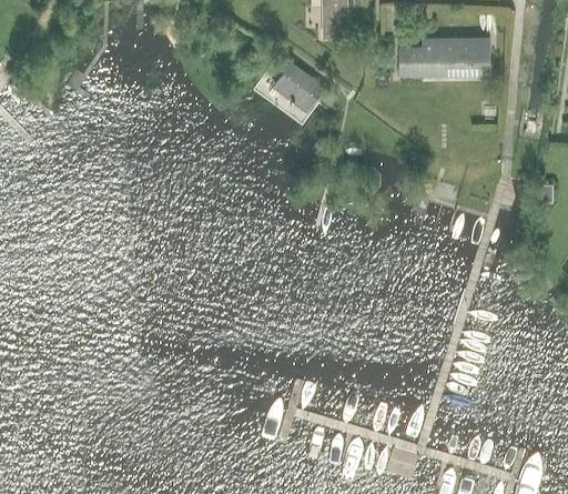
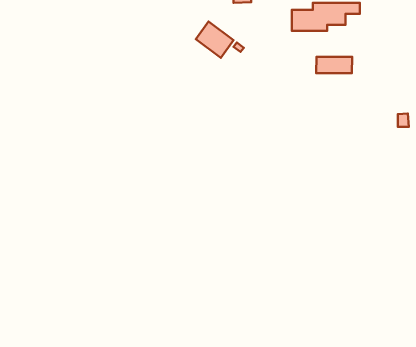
building: none -> [316,57,352,73]

